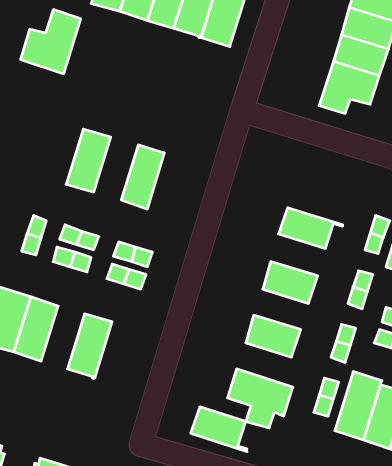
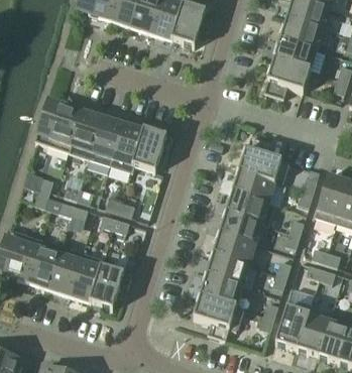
building: [20,10,81,74] -> [34,105,81,154]
building: none -> [89,118,123,166]
building: none -> [130,130,165,173]
building: none -> [238,138,287,185]
building: none -> [225,193,274,227]
building: none -> [212,235,254,266]
building: none -> [48,248,82,296]
building: none -> [90,260,130,310]
building: [191,407,247,452] -> [199,276,242,310]

